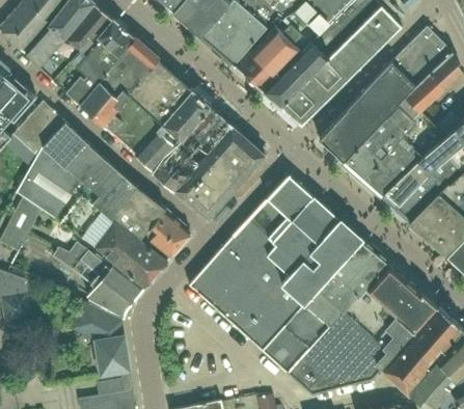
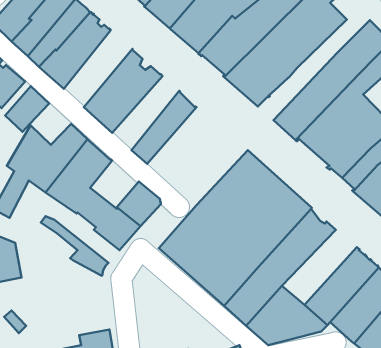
building: [80,38,158,126] -> none
building: [135,90,211,174] -> none
building: [42,121,88,168] -> none
building: [174,126,265,219] -> none
building: [110,186,165,241] -> none
building: [70,243,143,302] -> none
building: [327,265,412,350] -> none
building: [72,304,130,376] -> none

